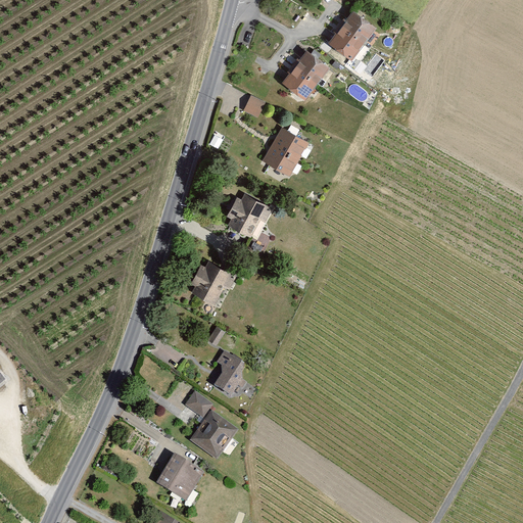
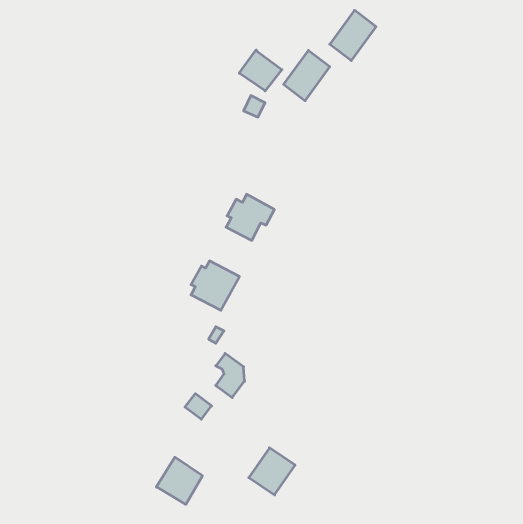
building: none -> [239,50,282,91]
building: [262,127,307,176] -> none
building: [190,412,236,459] -> [249,448,295,495]

